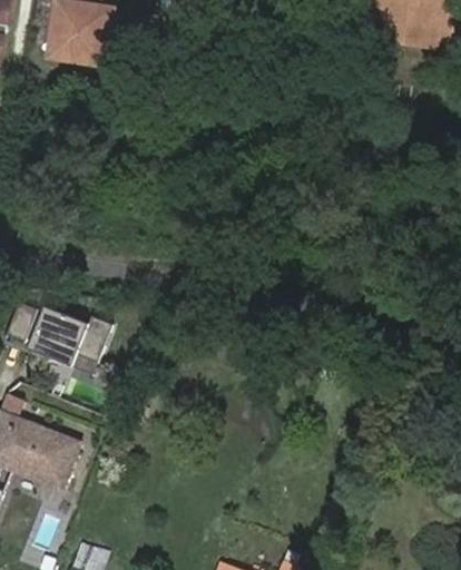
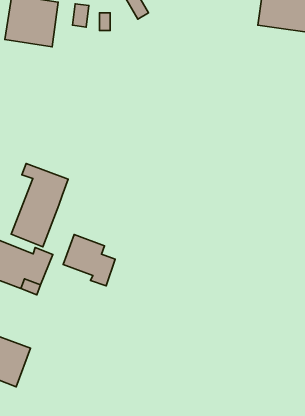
building: none -> [11,163,68,247]
building: none -> [63,234,115,286]

